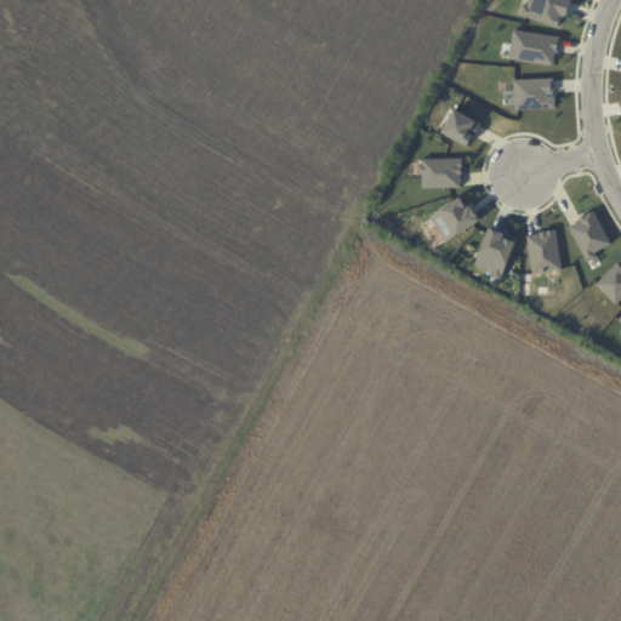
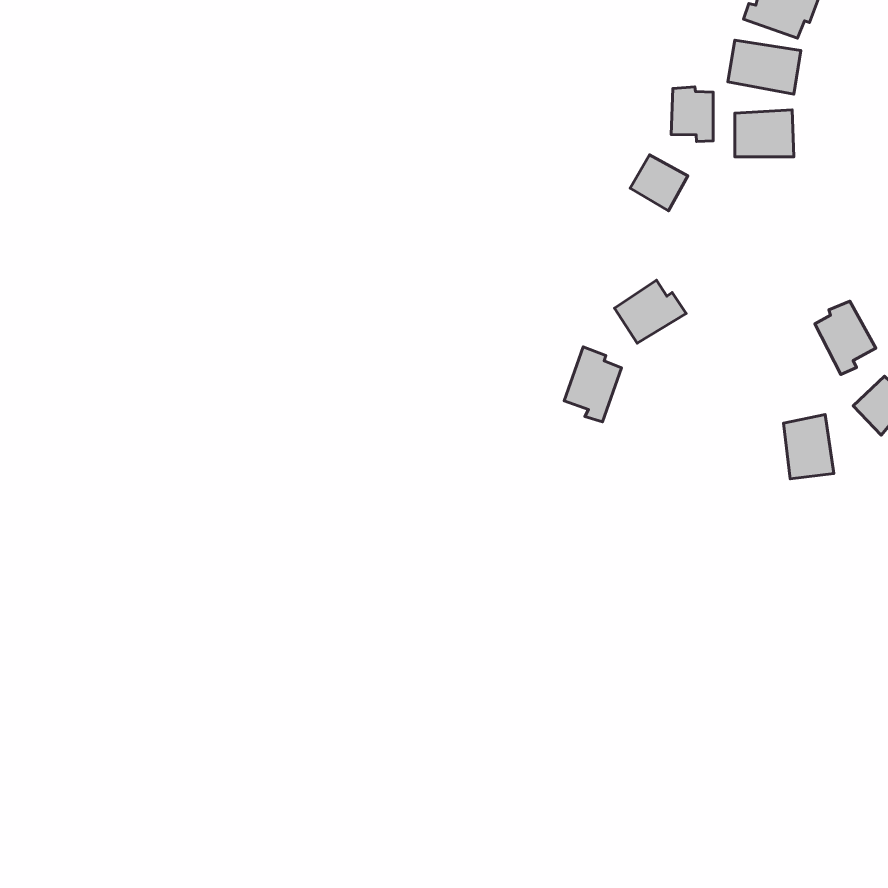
building: none -> [671,87,713,142]
building: [417,156,462,188] -> none
building: [474,227,514,279] -> [564,347,622,422]
building: [526,228,562,273] -> [783,414,834,479]

